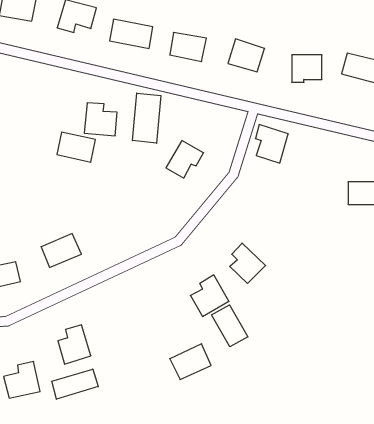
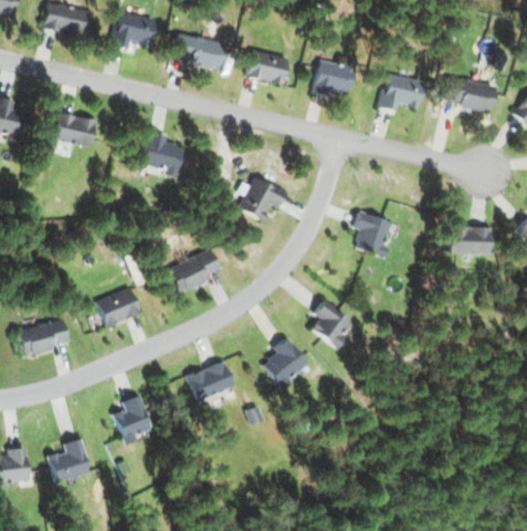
building: [133,93,161,143] -> none
building: [255,125,288,163] -> [355,211,393,257]
building: [57,132,95,162] -> [52,112,97,147]
building: none -> [166,250,219,292]
building: [212,305,248,347] -> none
building: [170,344,211,380] -> [189,360,238,402]
building: [52,369,98,399] -> none

